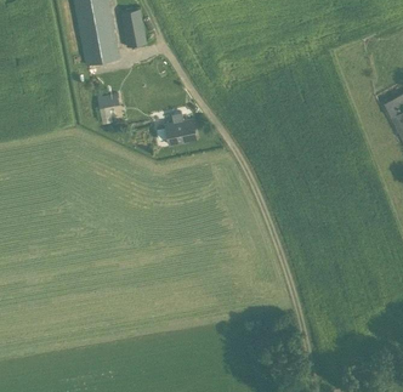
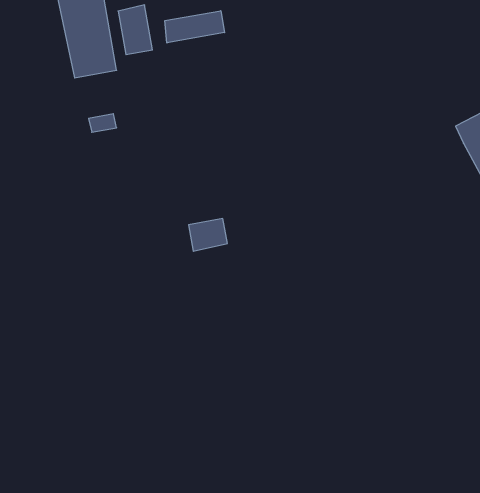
building: none -> [165,11,225,43]
building: [165,119,195,144] -> [189,219,227,251]

